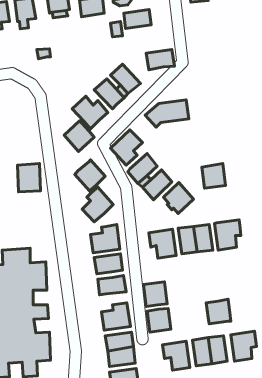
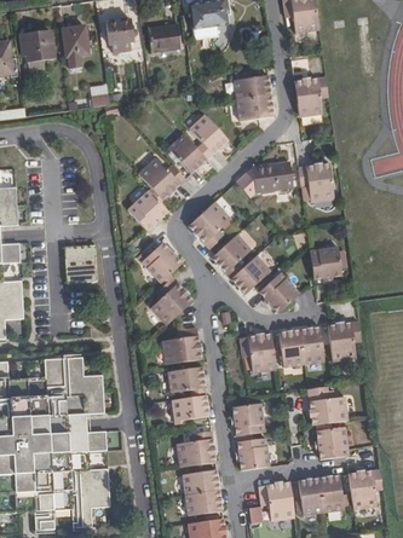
building: [124,9,151,29] -> [234,74,270,99]
building: none -> [294,76,328,116]
building: none -> [298,162,334,201]
building: none -> [307,391,347,424]

